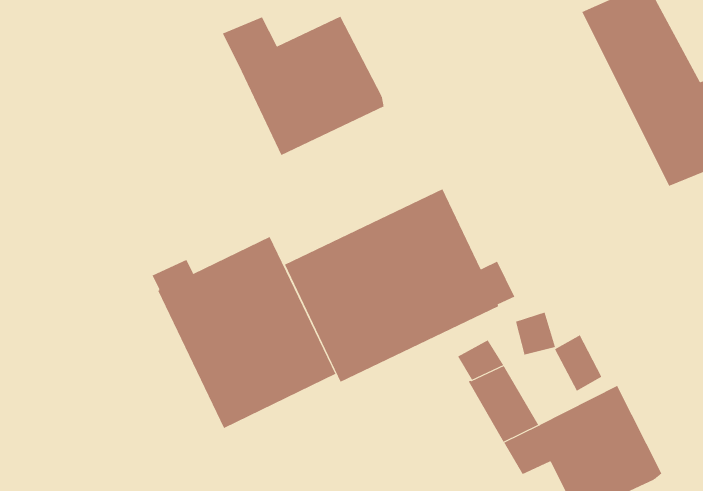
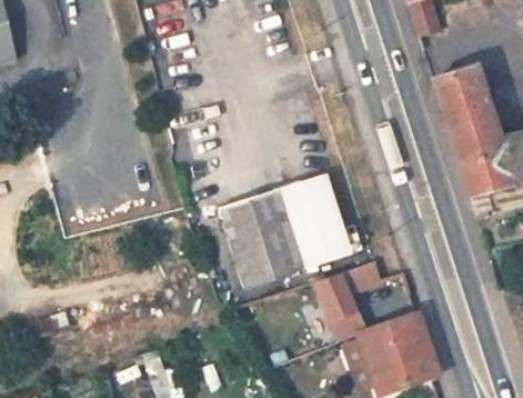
building: [222,16,384,156] -> none
building: [152,236,336,429] -> none

